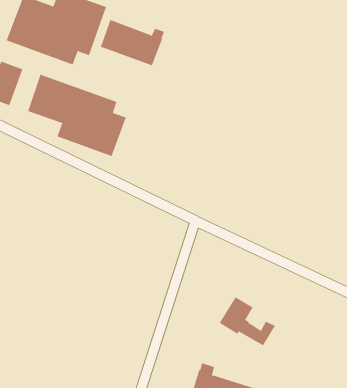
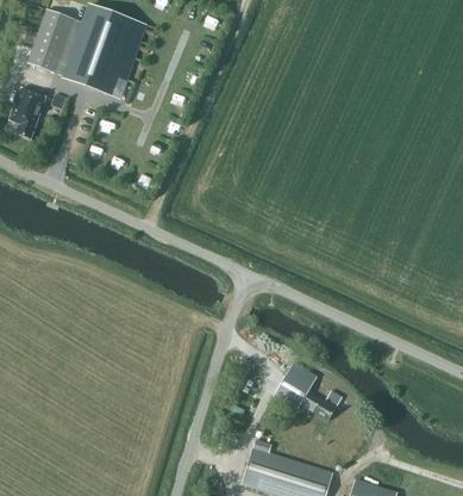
building: [100,19,165,66] -> none
building: [27,74,127,157] -> none

